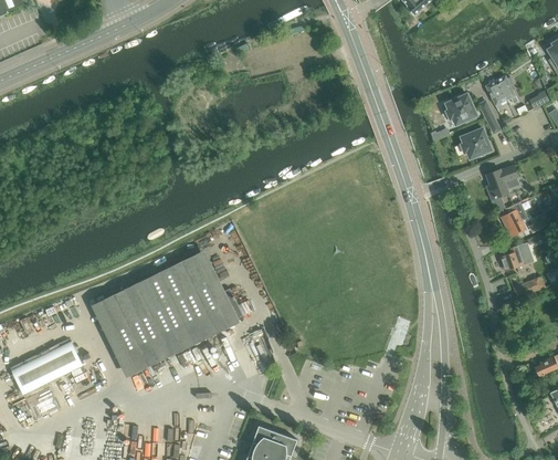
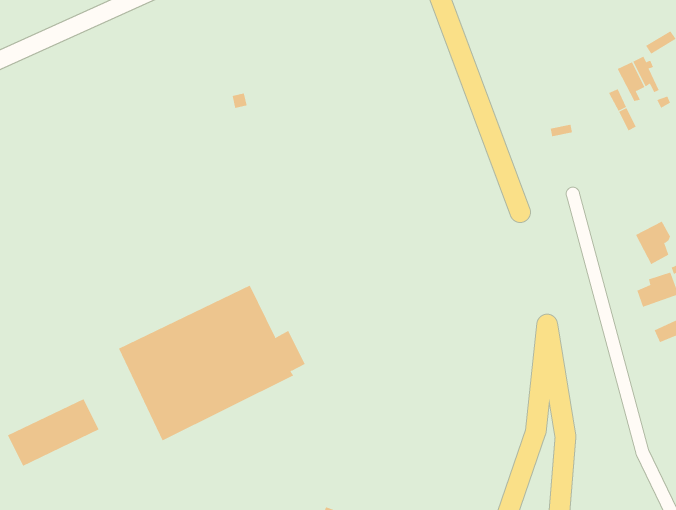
building: [444,94,476,125] -> none
building: [460,128,491,158] -> none
building: [485,165,518,211] -> none

